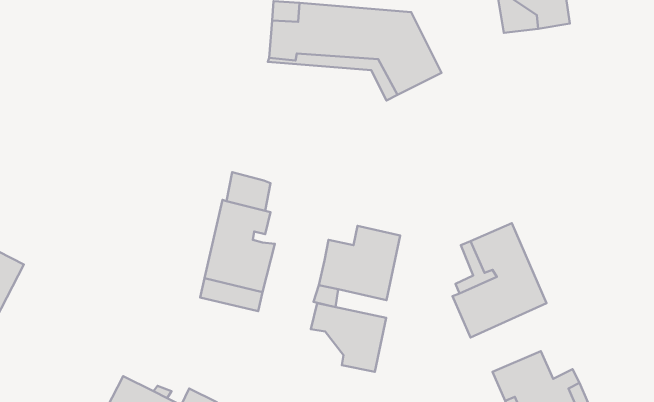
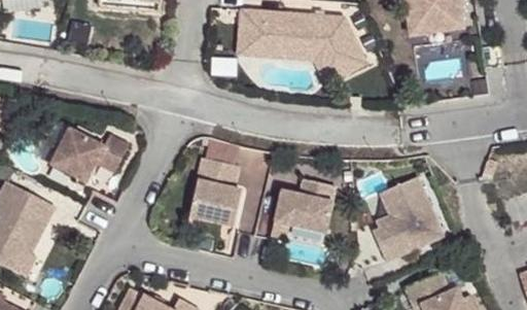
building: none -> [49,127,128,181]
building: [311,303,386,372] -> none

